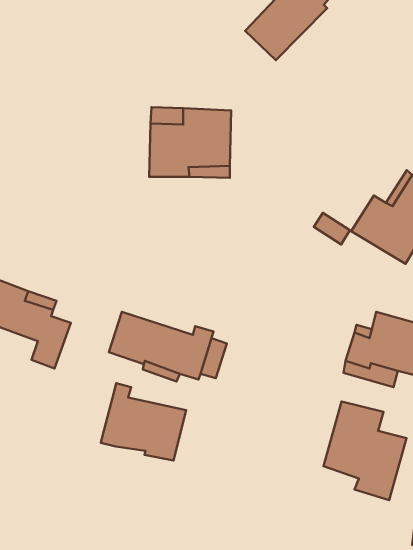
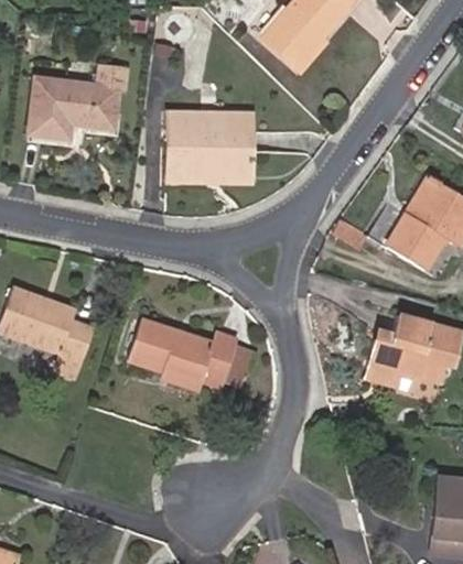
building: none -> [31,69,121,145]
building: [101,383,186,460] -> none
building: [323,402,407,500] -> none

